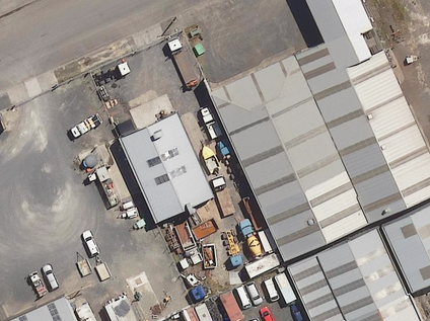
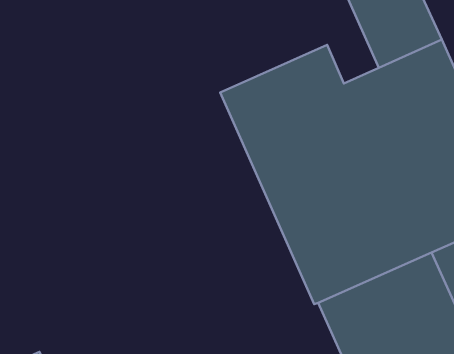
building: [118,106,207,216] -> none

